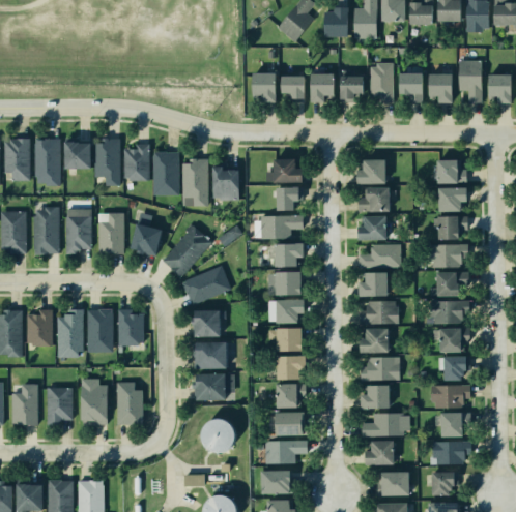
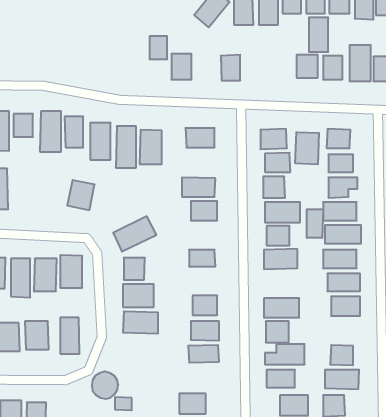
building: [370,63,393,103] -> [309,17,328,52]
building: [279,76,299,102] -> [150,36,167,59]
building: [337,77,362,103] -> none
building: none -> [295,132,319,164]
building: [274,187,300,210] -> none
building: [65,211,91,254] -> none
building: [101,213,122,254] -> none
building: [162,224,212,276] -> none
building: none -> [307,209,323,238]
building: [274,272,302,294] -> none
building: [273,328,302,352] -> none
building: [353,329,389,351] -> none
building: [430,386,471,409] -> none
building: [202,422,233,454] -> [92,371,118,399]
building: [265,441,307,463] -> none

